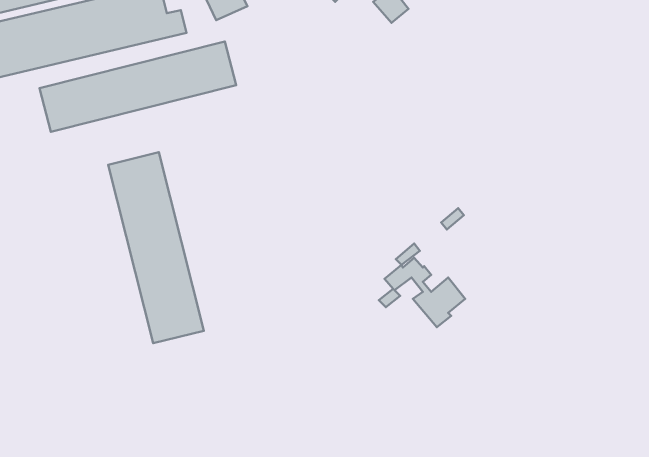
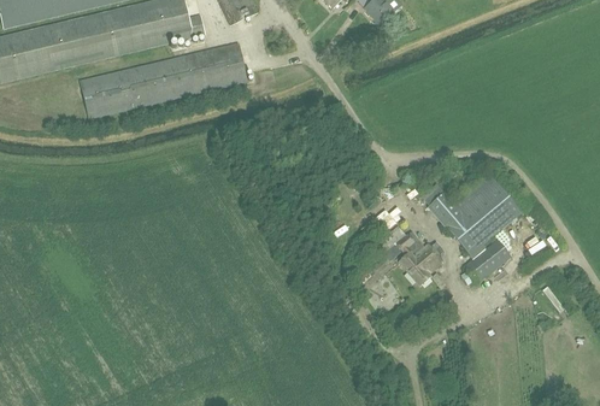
building: [108,152,204,343] -> none
building: none -> [429,170,523,282]

